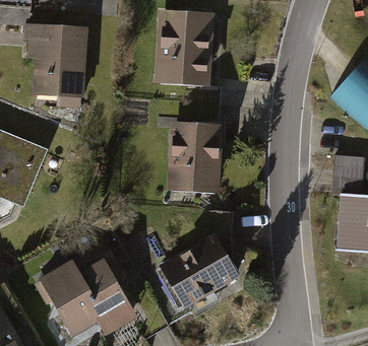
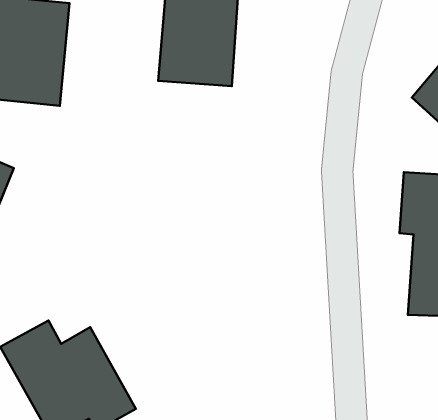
building: [163,129,224,199] -> none
building: [160,230,237,304] -> none

